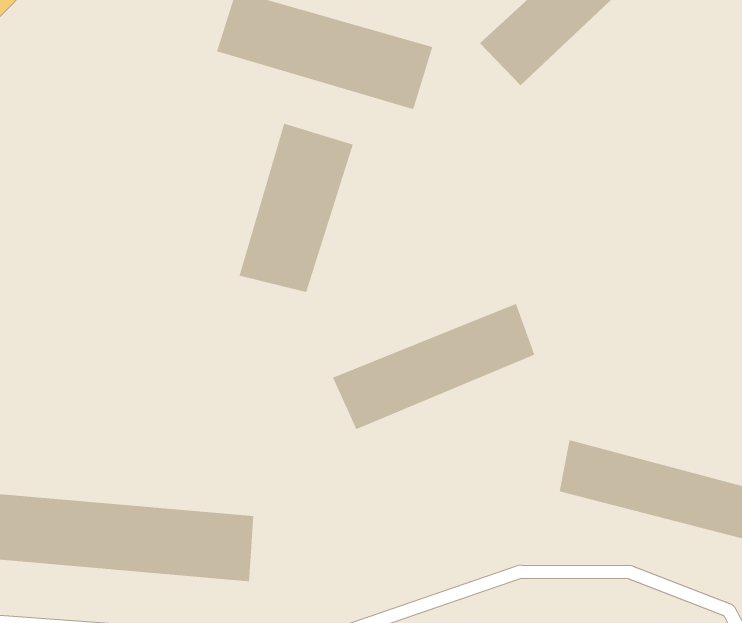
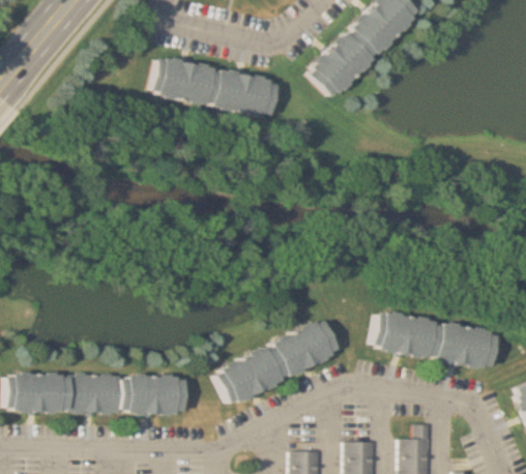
building: [239,123,353,293] -> none
building: [332,303,535,430] -> [214,321,338,405]

